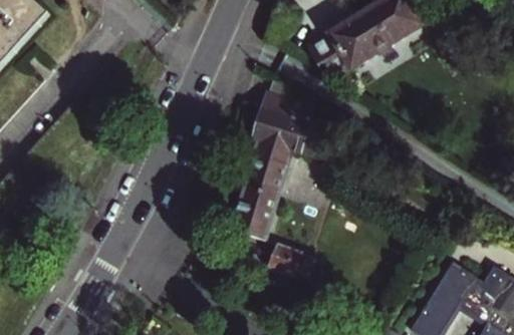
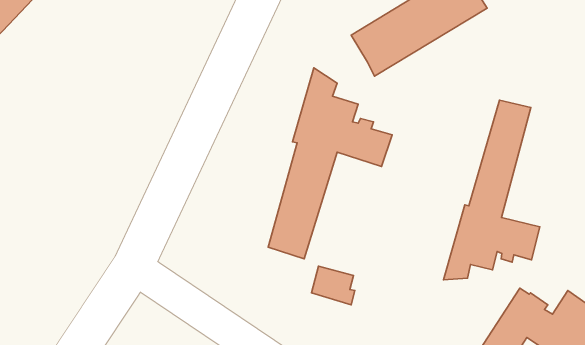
building: none -> [443,100,540,280]

